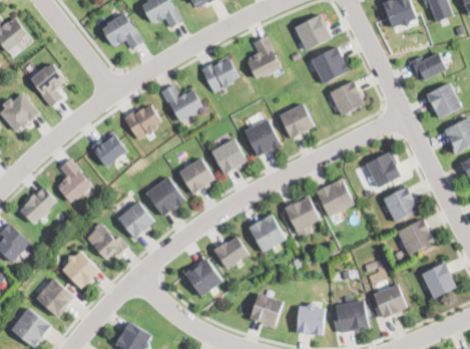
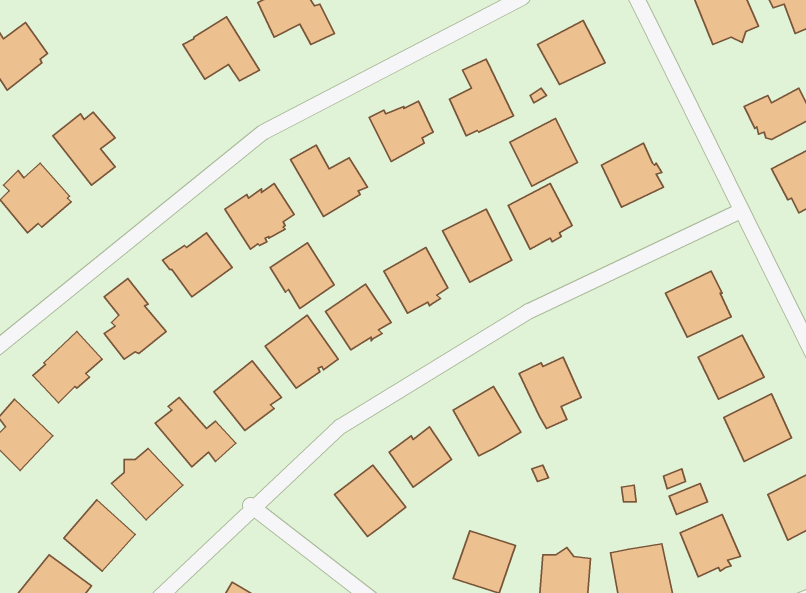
building: [311,47,348,84] -> [510,118,577,186]
building: none -> [270,243,334,309]
building: [315,179,354,218] -> none

